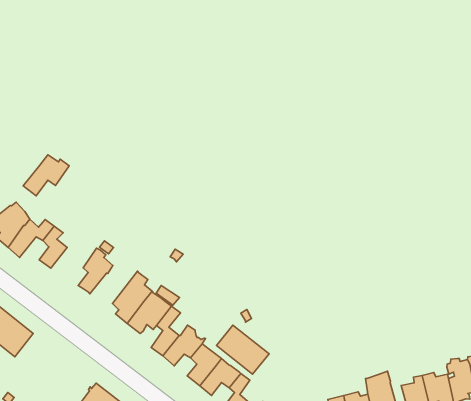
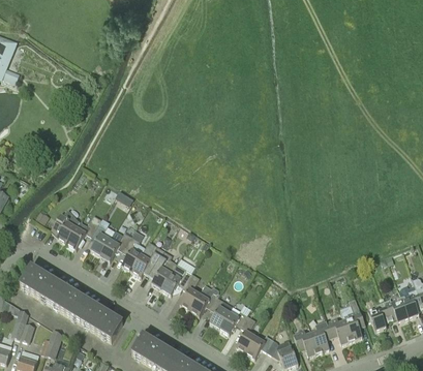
building: [23,155,69,196] -> [99,229,131,260]
building: none -> [130,240,163,276]
building: [217,325,269,374] -> none
building: none -> [81,304,122,341]

